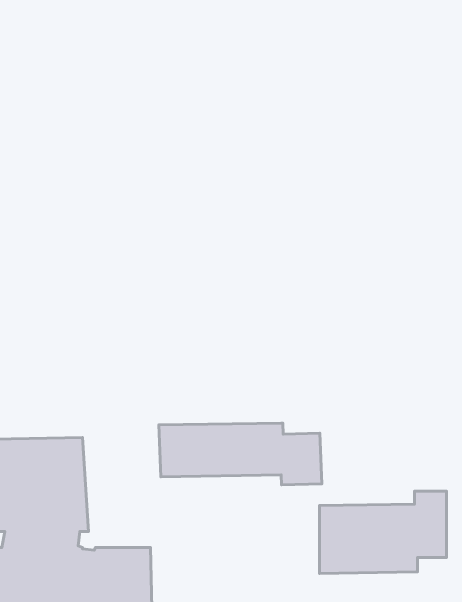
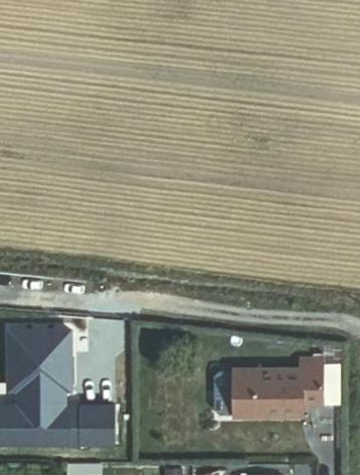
building: [159,423,322,485] -> none

